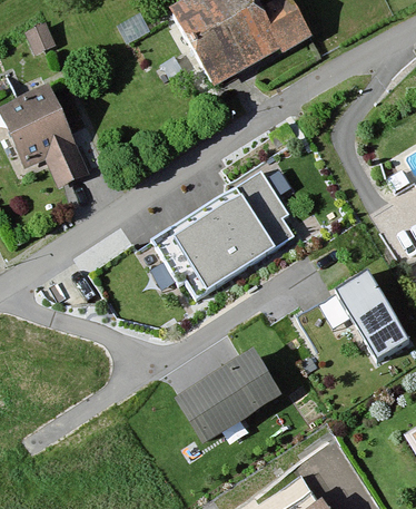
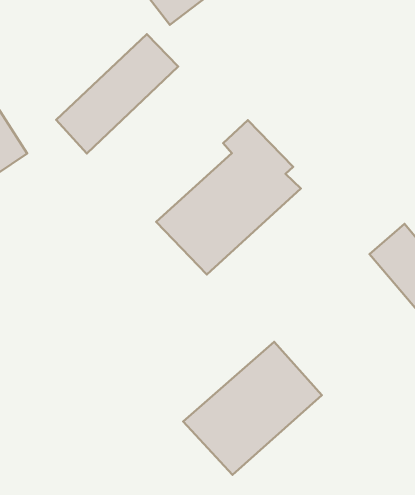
building: none -> [56,34,178,153]

